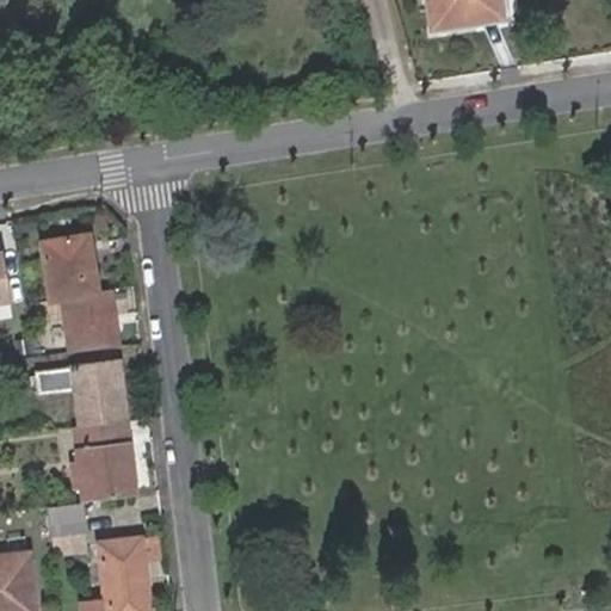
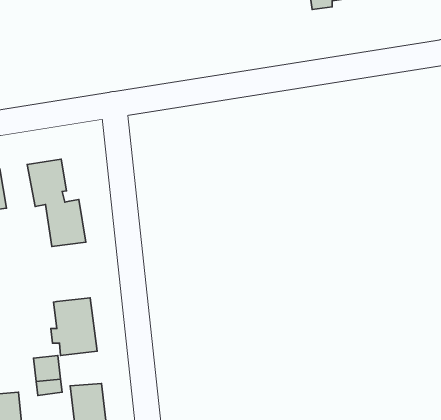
building: [37,360,125,426] -> none

